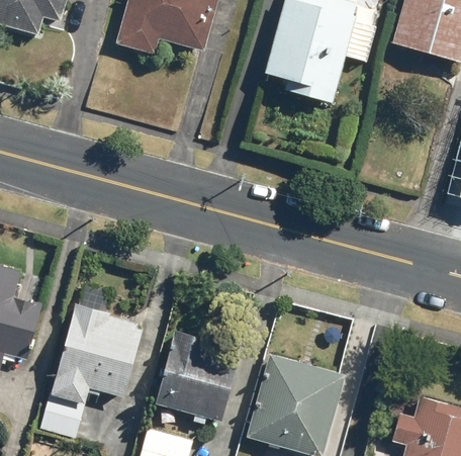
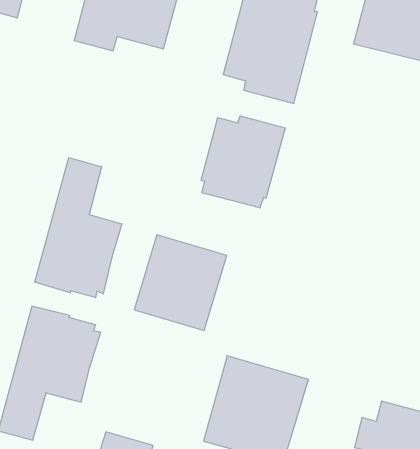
building: none -> [201,116,285,208]
building: none -> [35,158,122,298]
building: [153,330,244,424] -> [134,235,227,331]

